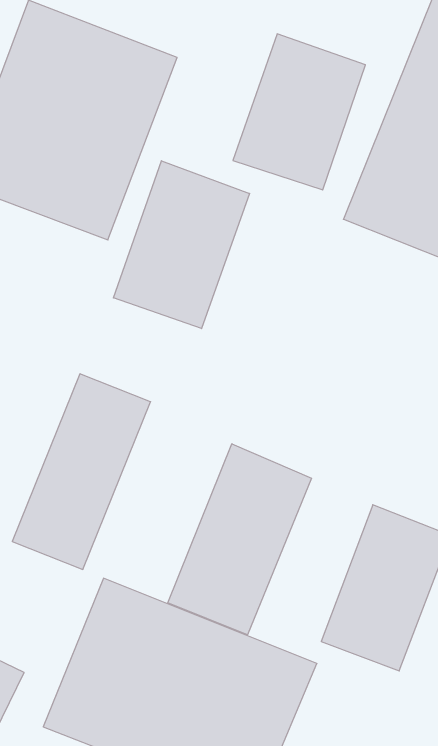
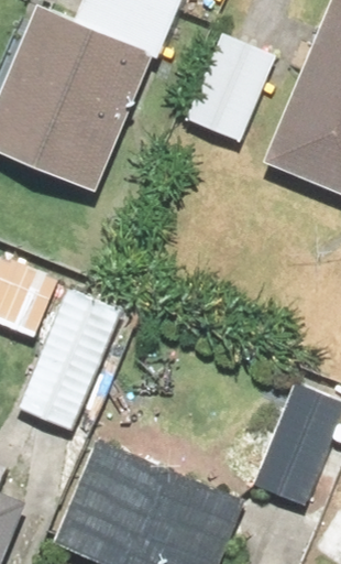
building: [113,161,250,329] -> none
building: [168,444,312,635] -> none

